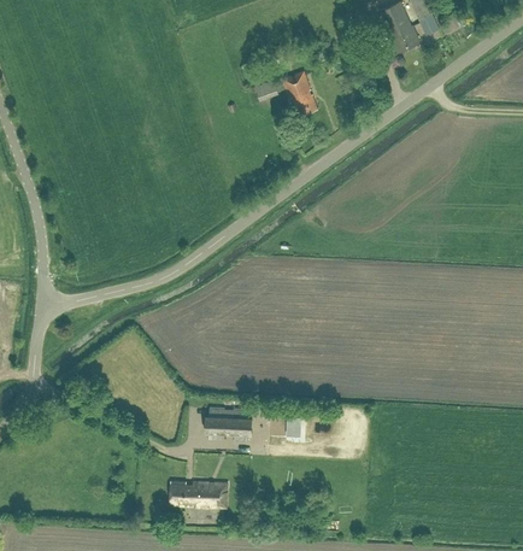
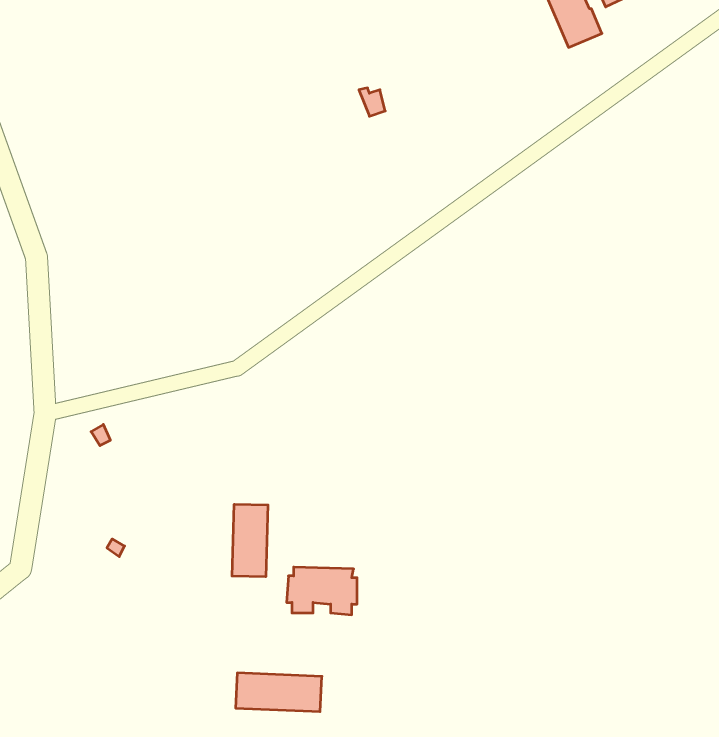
building: [281,70,317,117] -> none
building: none -> [232,504,268,577]

